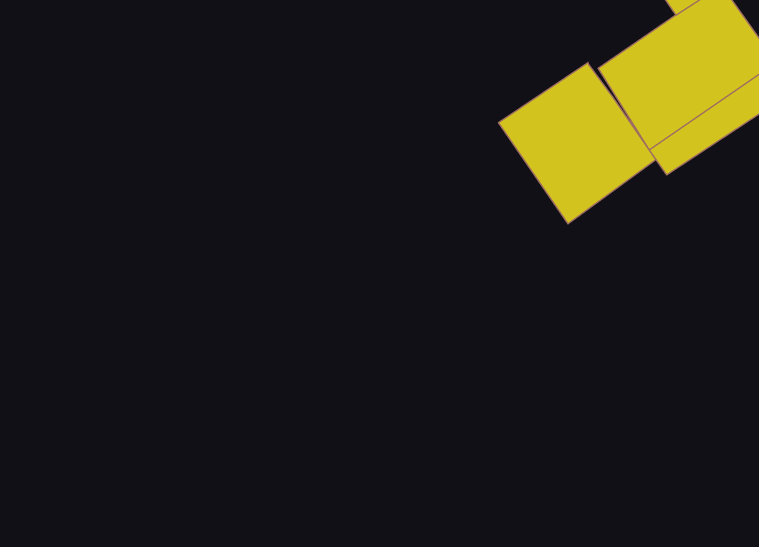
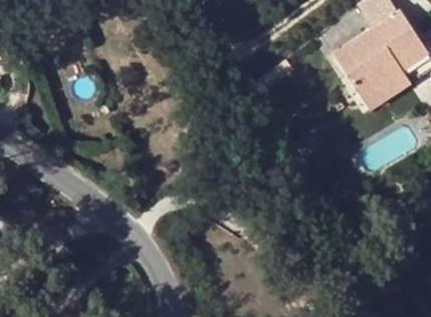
building: [499,62,656,224] -> none

